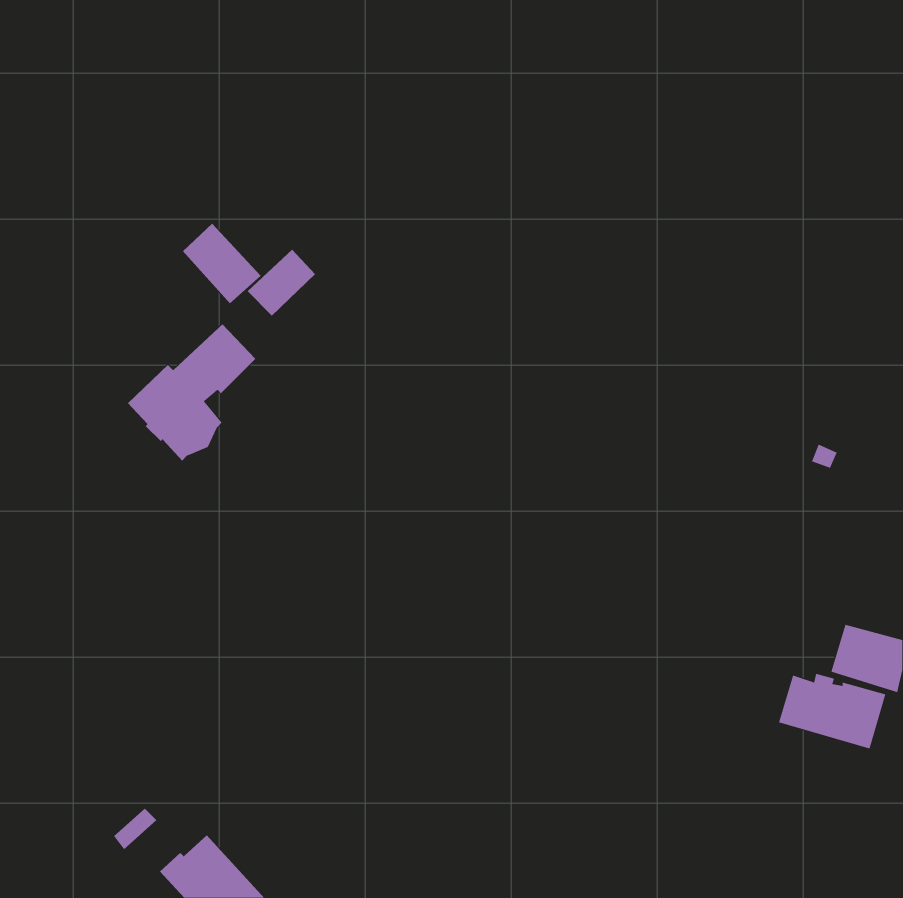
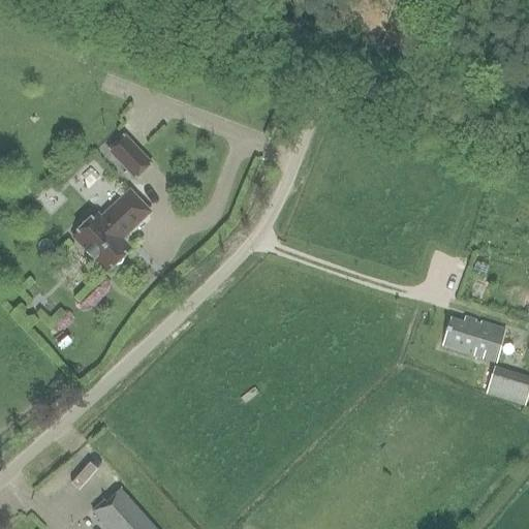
building: [247,249,316,316] -> none
building: [778,673,886,749] -> [443,315,506,360]

